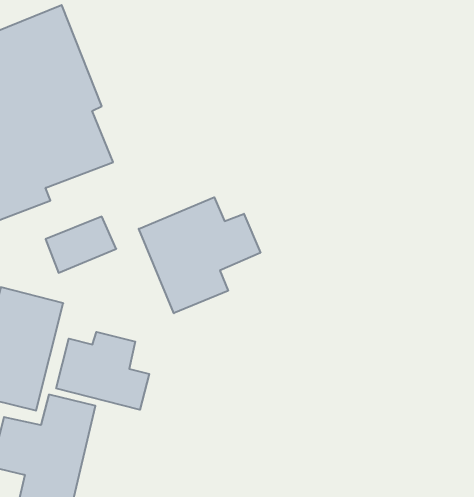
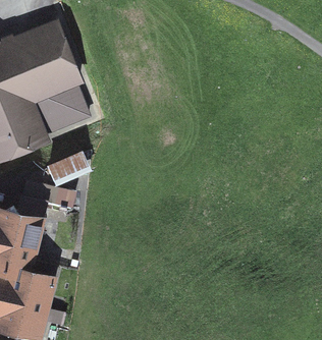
building: [139,197,260,313] -> none
building: [56,332,149,410] -> none

